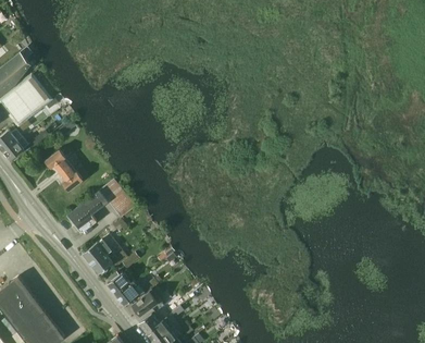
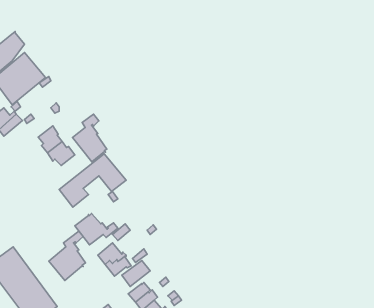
building: none -> [73,114,107,162]
building: none -> [49,231,85,280]

